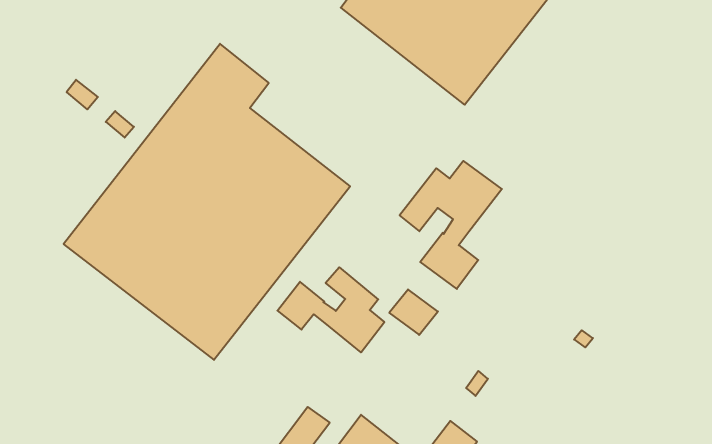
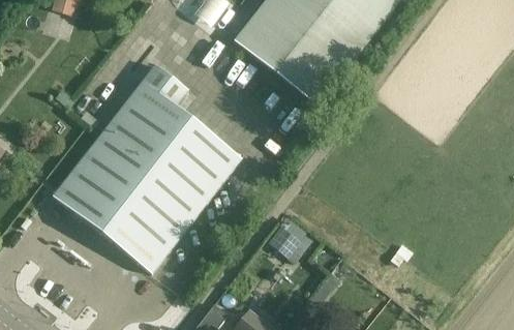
building: [400,161,502,289] -> none
building: [277,267,384,352] -> none

